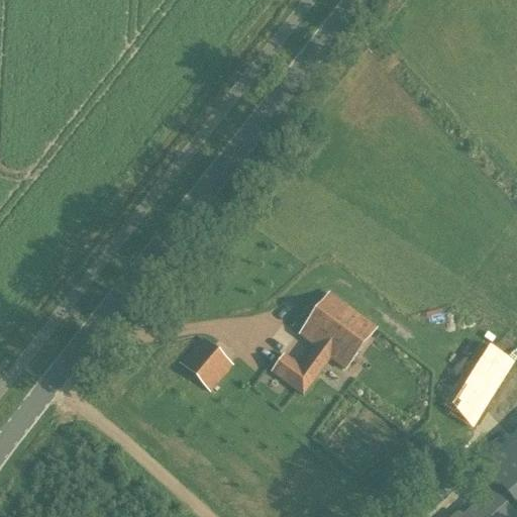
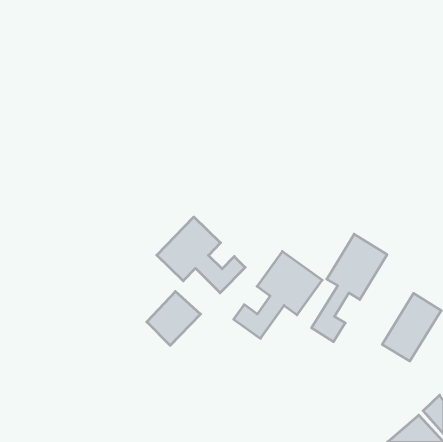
building: none -> [157,217,245,293]
building: none -> [312,234,387,342]

